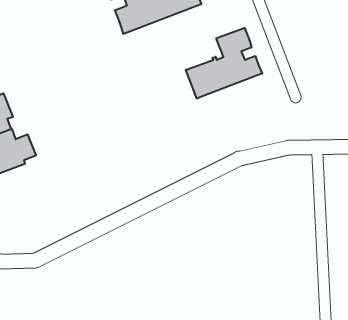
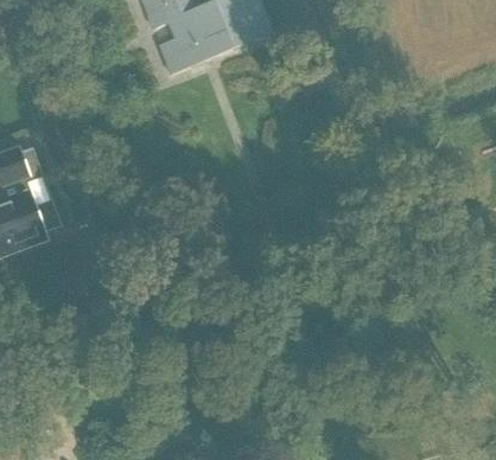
building: [186,28,262,99] -> none

